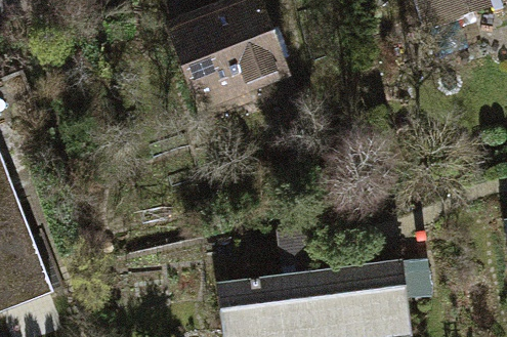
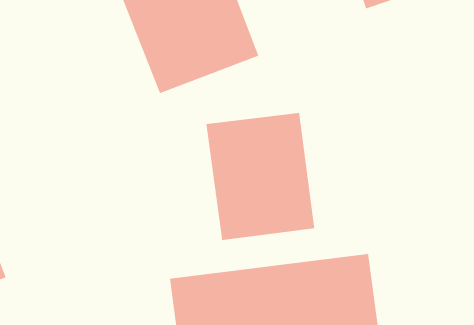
building: none -> [206,112,315,241]

